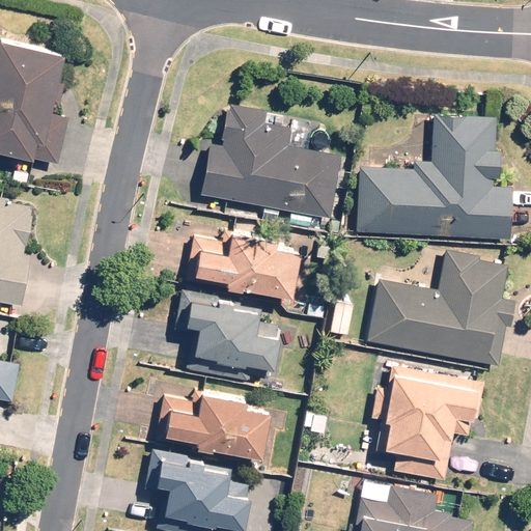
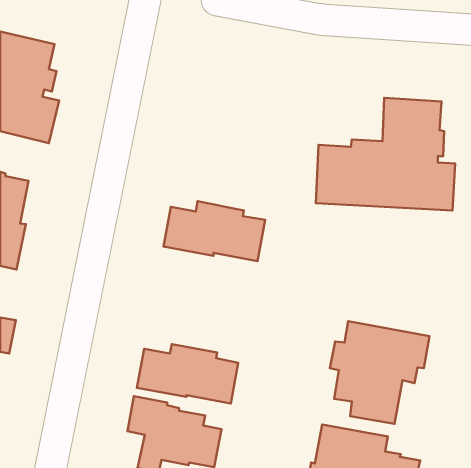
building: [200,105,341,220] -> none
building: [367,249,515,366] -> none
building: [174,290,278,381] -> none

